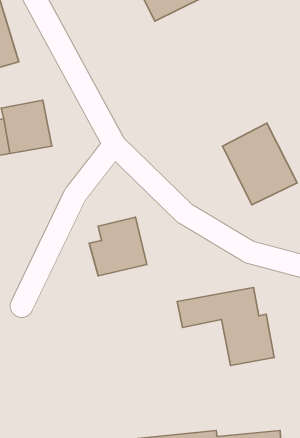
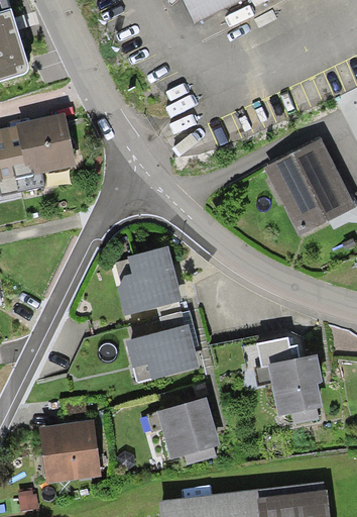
building: none -> [124,325,197,381]
building: none -> [42,395,101,479]
building: none -> [156,397,222,458]

